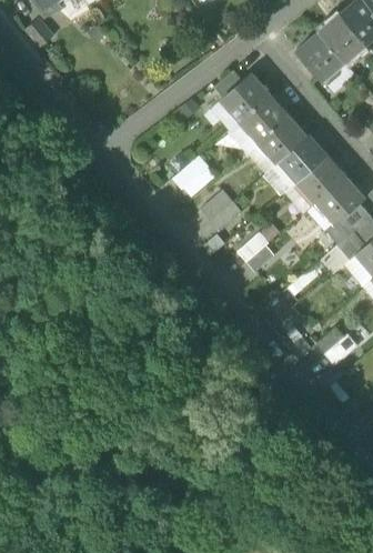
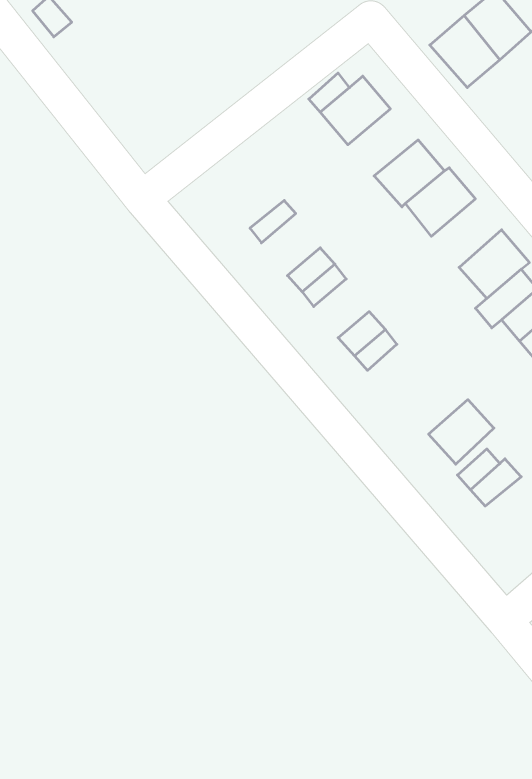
building: [241,95,289,141] -> none
building: [298,157,345,203] -> none
building: none -> [429,400,494,464]

